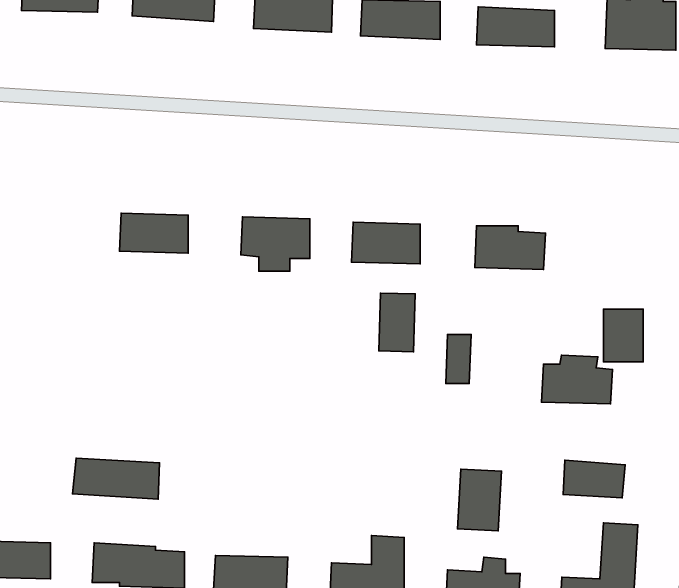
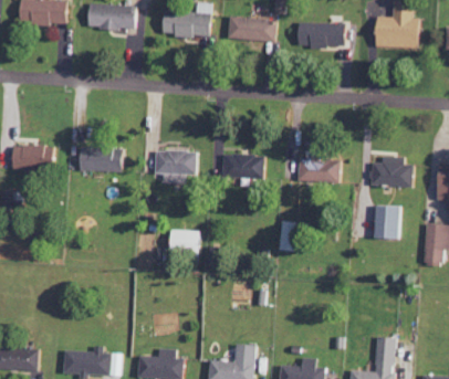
building: none -> [12,145,55,171]
building: [379,293,415,352] -> none
building: none -> [170,231,199,254]
building: [542,355,612,404] -> [369,157,413,187]
building: [73,458,159,499] -> none
building: [563,460,625,498] -> none
building: [458,469,501,531] -> none

